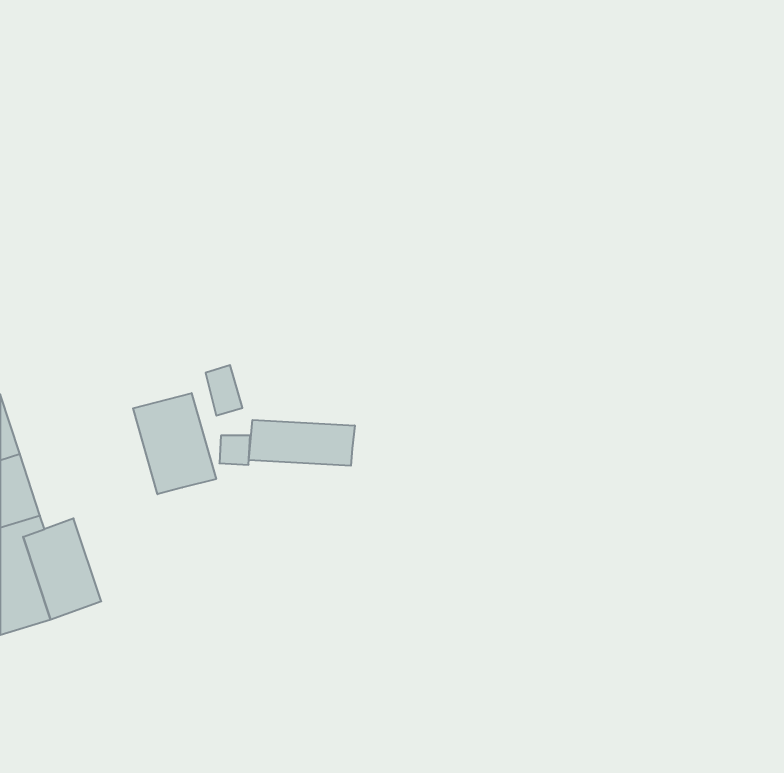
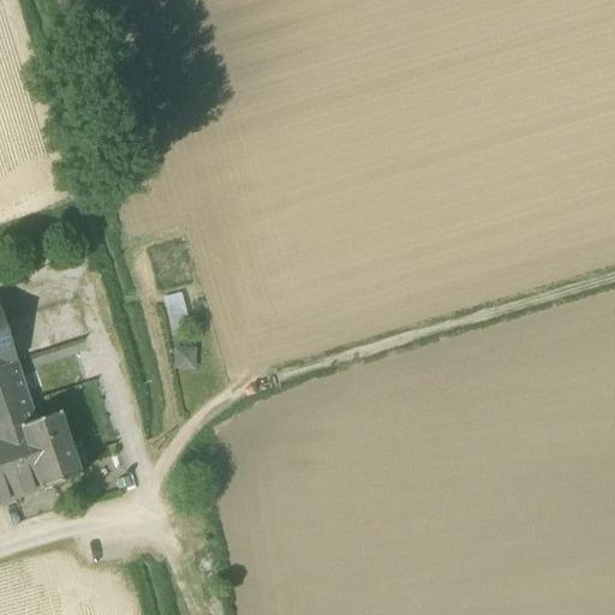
building: [133,393,216,494] -> none
building: [249,420,355,466] -> none

